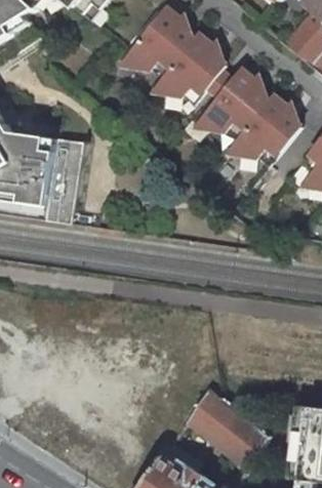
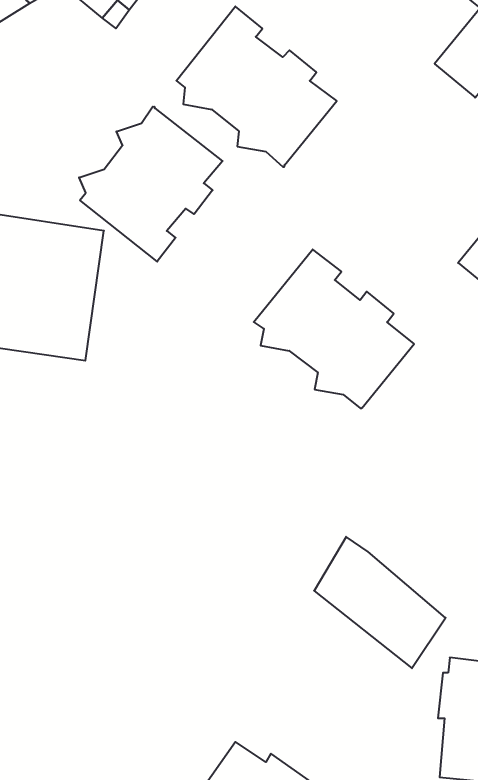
building: none -> [79,107,223,262]
building: [202,70,299,166] -> [254,249,414,408]
building: [187,388,267,467] -> [314,537,446,668]

